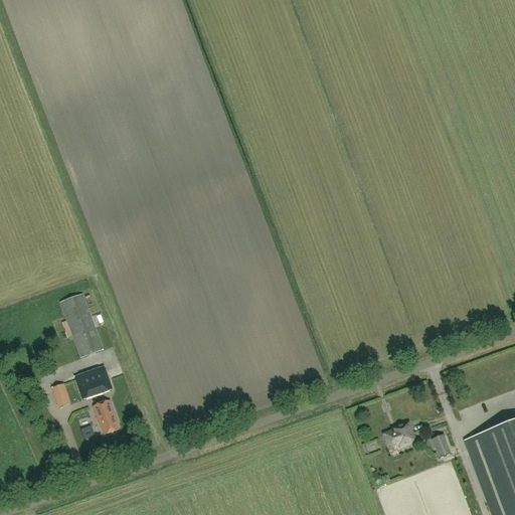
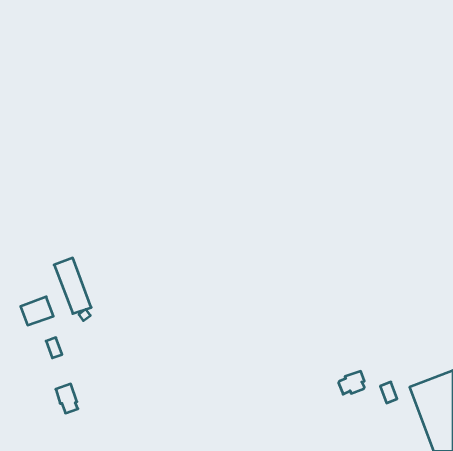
building: [74,364,112,396] -> [21,297,53,325]
building: [94,399,119,433] -> [56,384,78,413]

